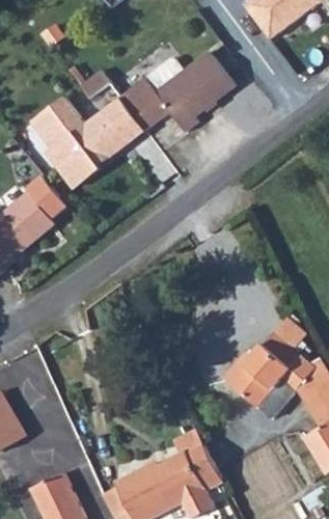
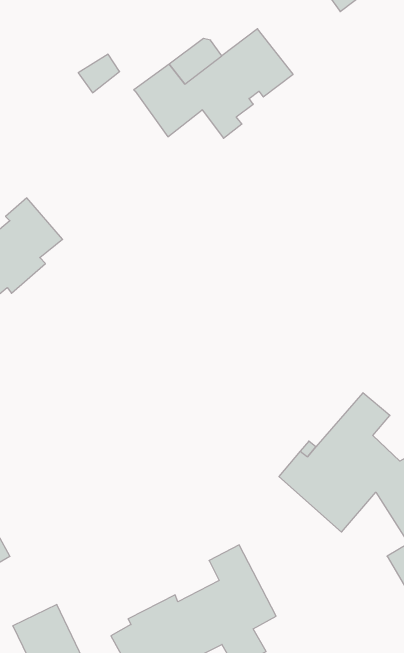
building: [30,97,143,188] -> none

